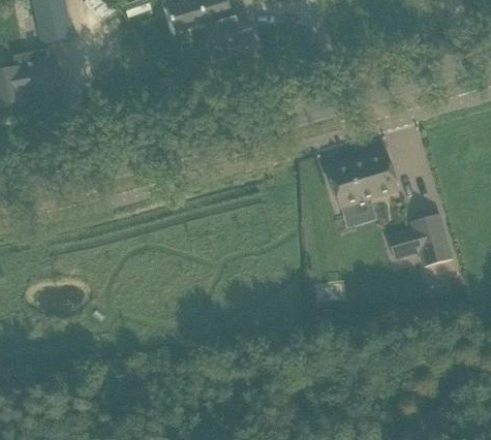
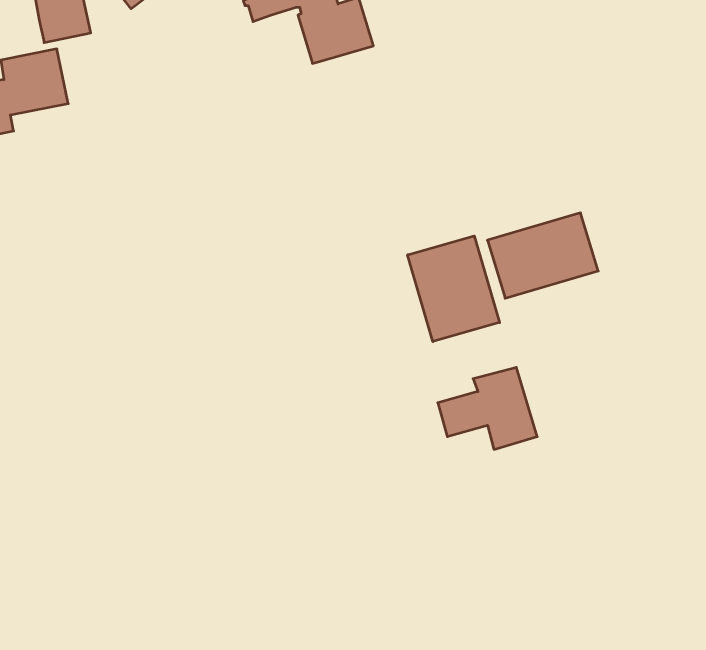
building: none -> [408,236,500,342]
building: [387,214,451,266] -> [438,367,537,449]

